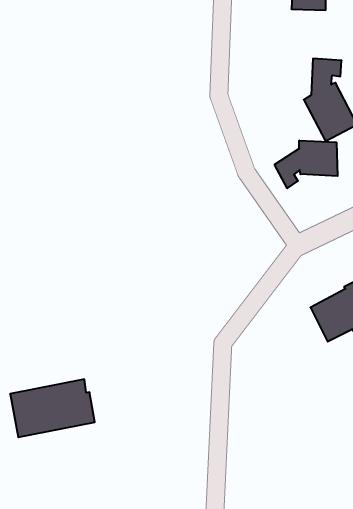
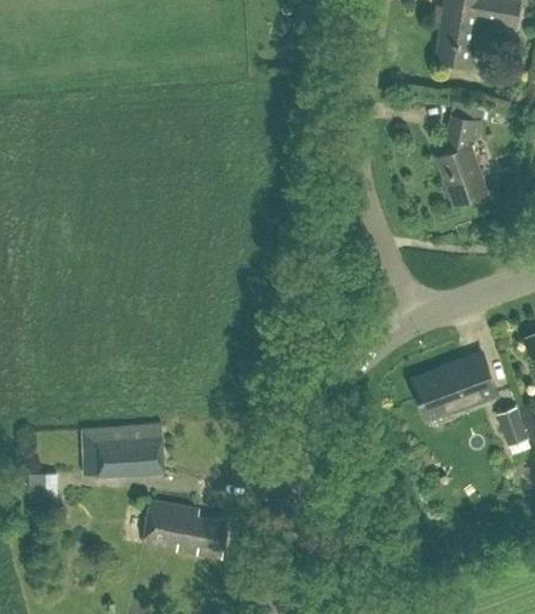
building: [275,140,338,188] -> none
building: none -> [144,500,228,557]

